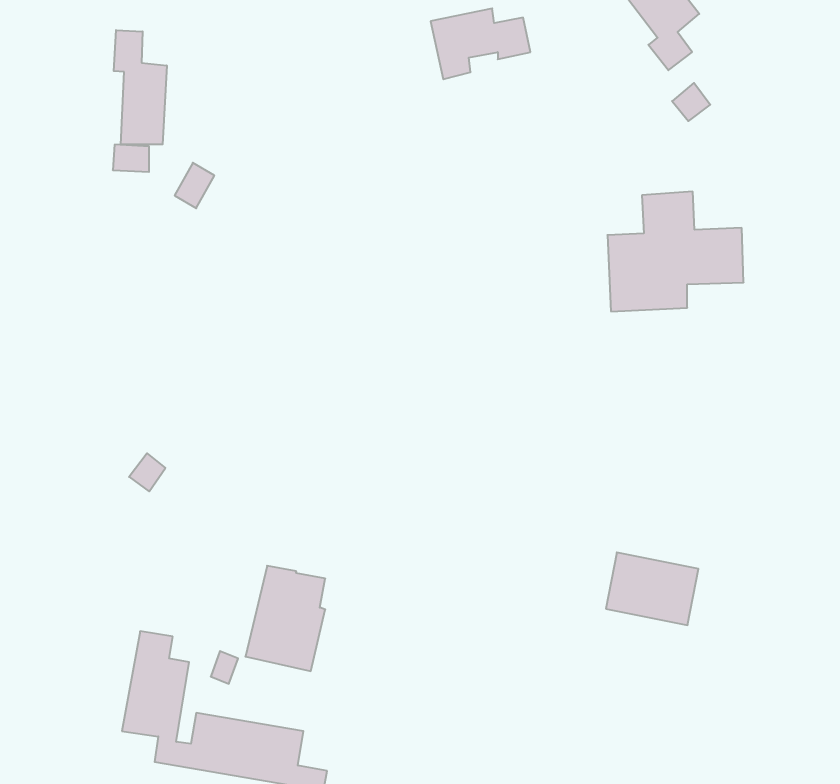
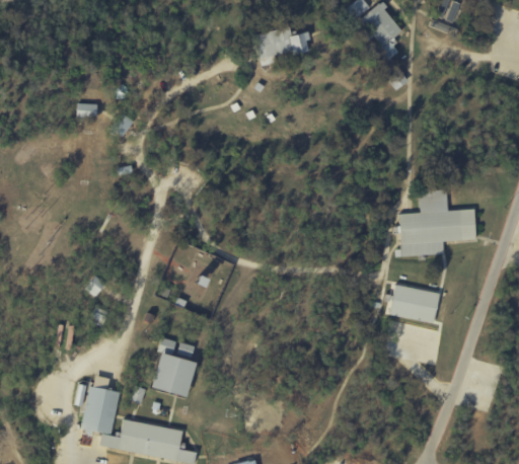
building: [114,30,167,144] -> none
building: [607,192,744,311] -> [399,188,475,255]
building: [606,552,698,625] -> [388,283,440,323]

